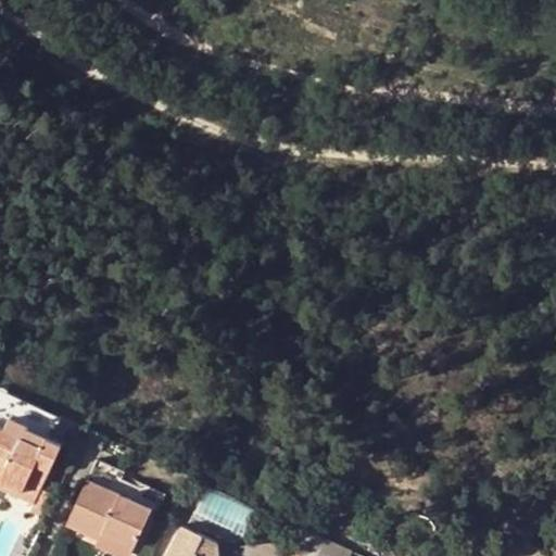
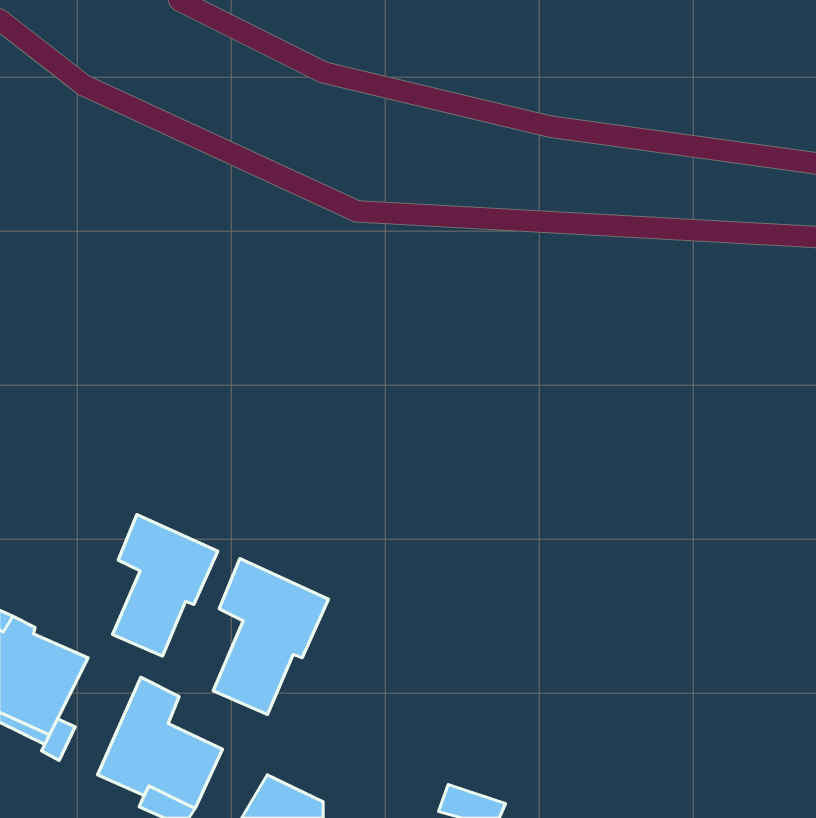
building: none -> [113,514,218,656]
building: none -> [213,559,329,714]

